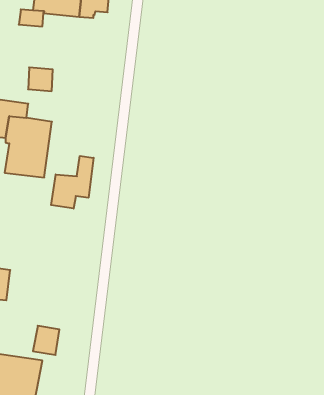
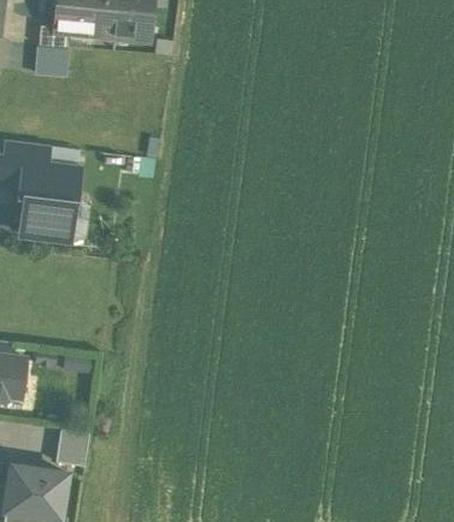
building: [28,67,53,91] -> [36,45,67,75]
building: [51,156,94,209] -> none

